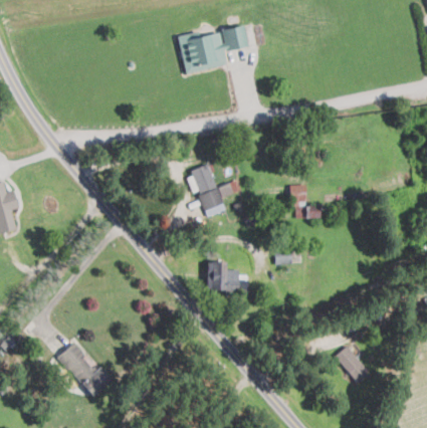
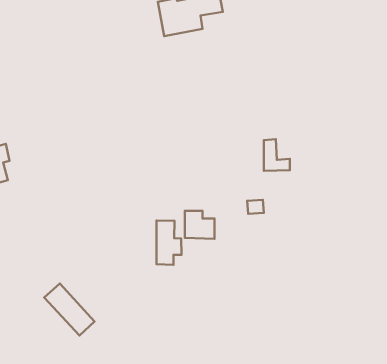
building: [186,165,239,217] -> none
building: none -> [157,220,181,265]
building: [336,346,370,382] -> none

